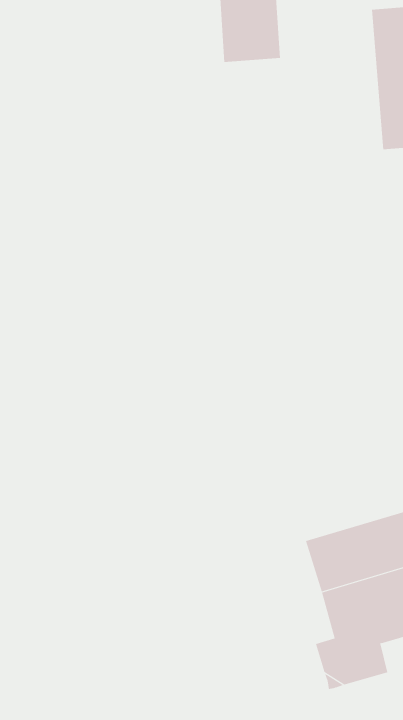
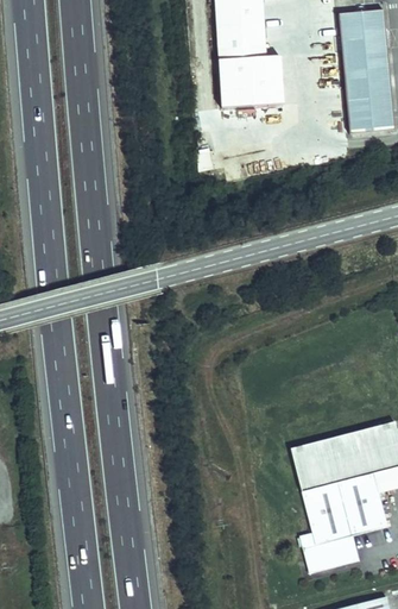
building: none -> [219,50,284,102]

